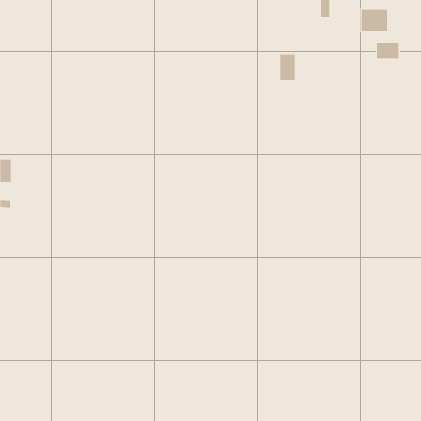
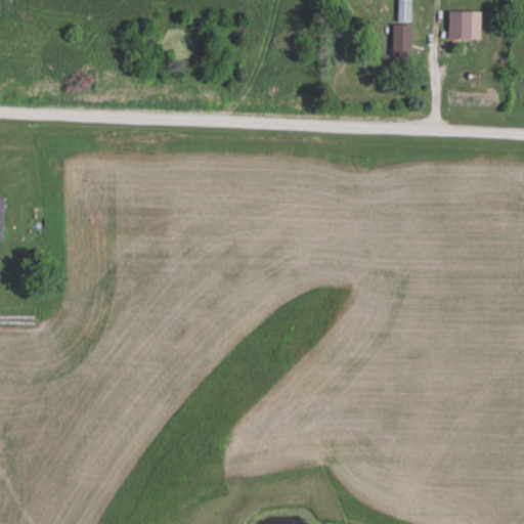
building: [376,42,399,59] -> none
building: [280,54,295,80] -> [392,25,411,57]

